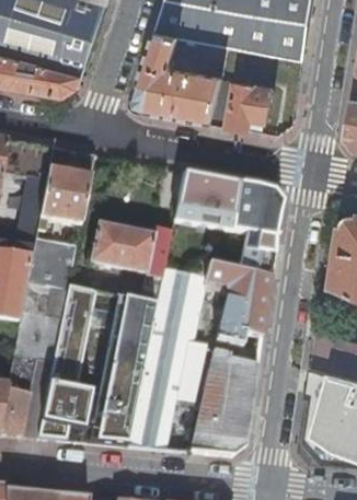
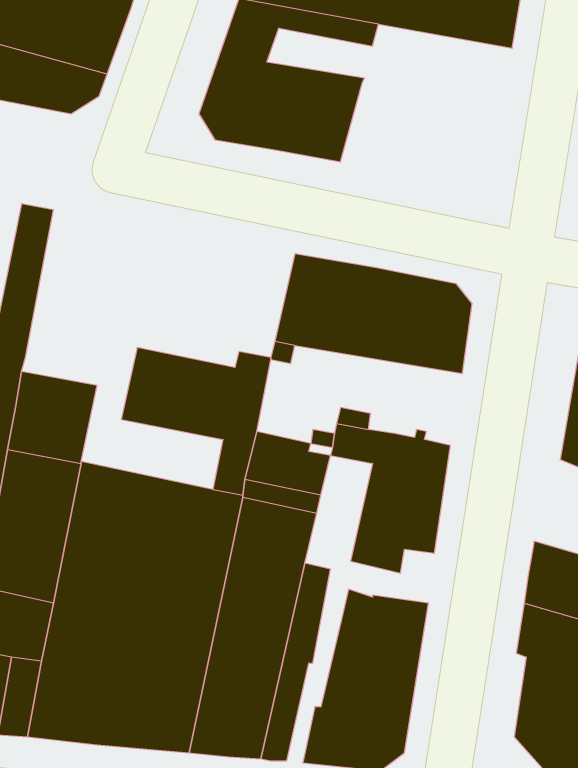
building: [208,80,272,131] -> none
building: [35,150,93,232] -> none
building: [238,240,274,279] -> none

